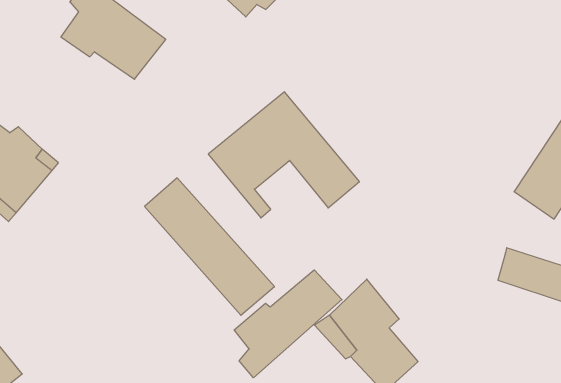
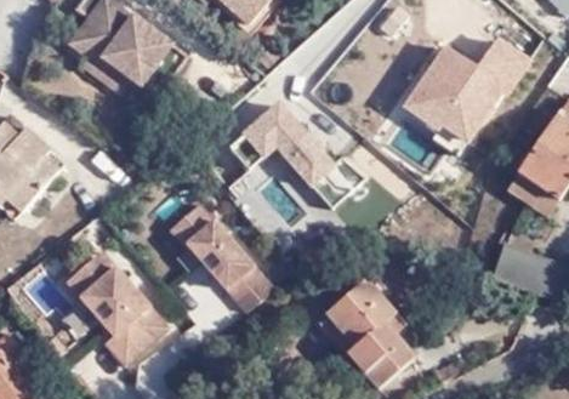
building: none -> [398,33,528,154]
building: none -> [64,243,165,365]
building: [234,270,342,378] -> none

